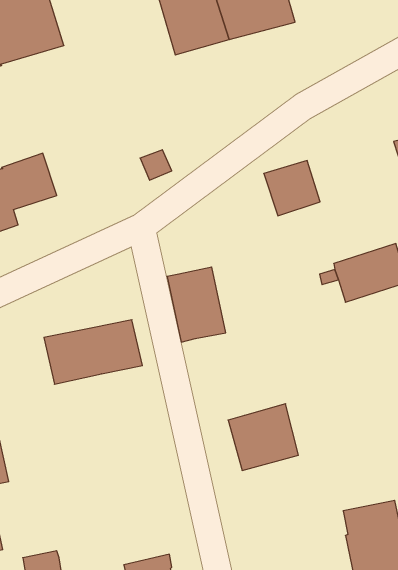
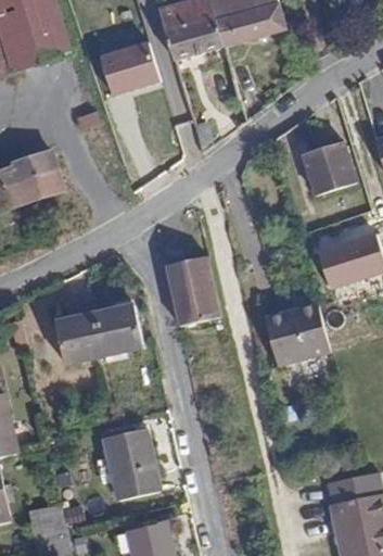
building: none -> [98,41,161,99]
building: [264,161,320,216] -> [304,142,356,193]
building: [228,404,298,470] -> [265,302,330,364]
building: none -> [105,427,159,500]

